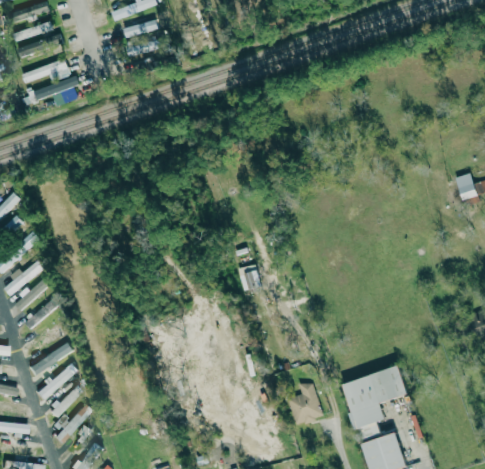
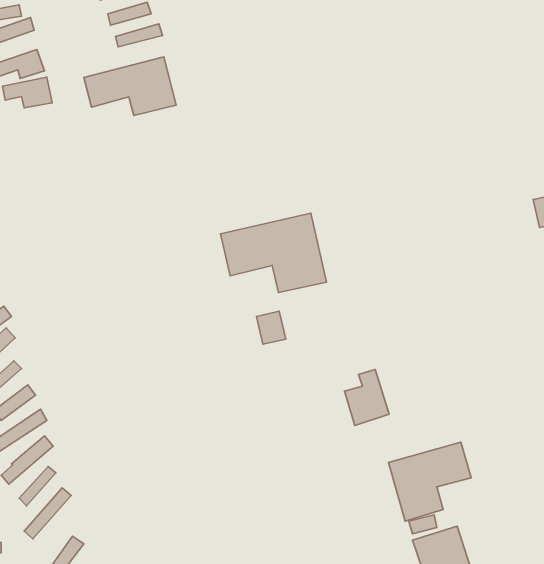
building: none -> [84,57,176,116]
building: none -> [221,213,326,292]
building: [288,381,323,425] -> [345,370,389,425]

